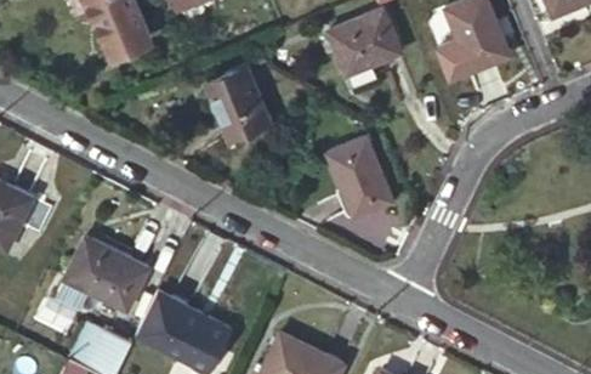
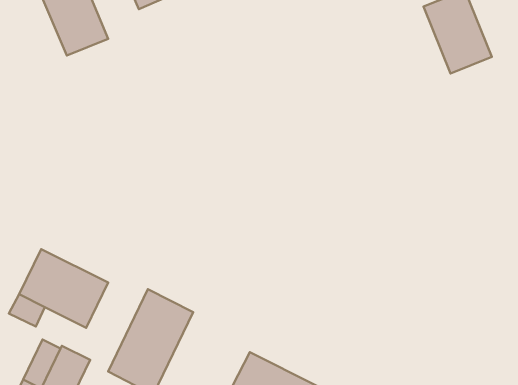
building: [328,8,400,75] -> none
building: [216,62,279,136] -> none
building: [335,134,394,212] -> none

